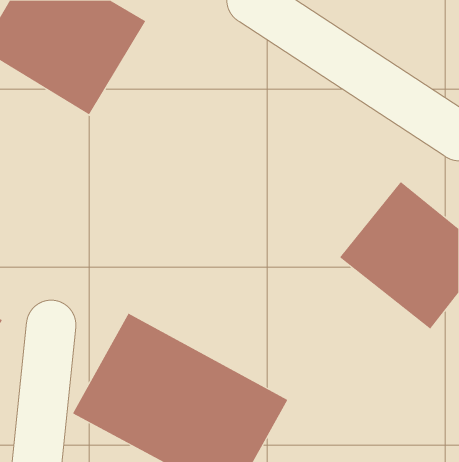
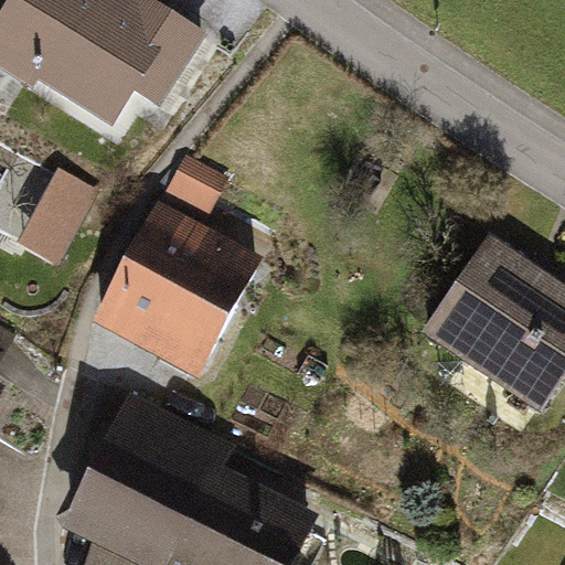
building: none -> [93,156,269,377]
building: none -> [15,170,94,267]

